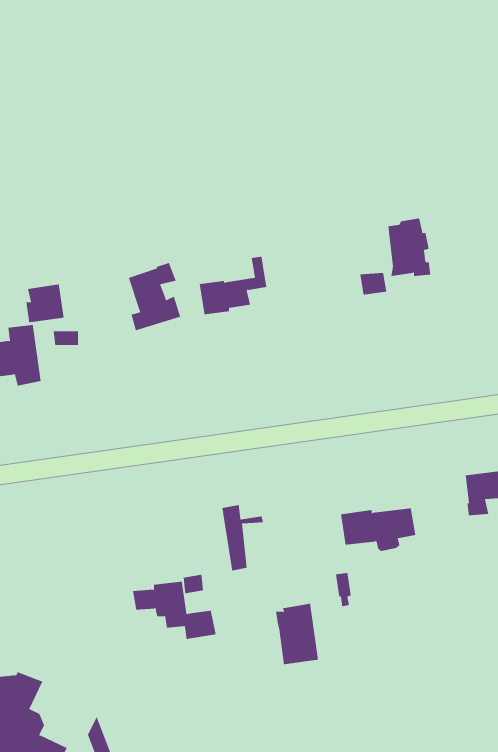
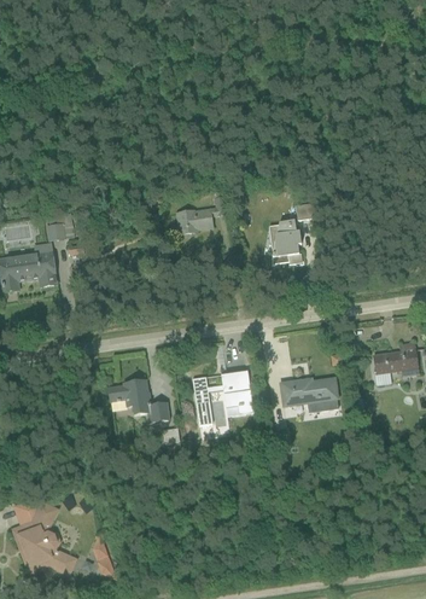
building: [387,218,431,276] -> [269,221,302,264]
building: [128,262,181,331] -> none
building: [132,581,217,640] -> [107,380,170,424]
building: [275,603,319,665] -> [221,371,253,417]

